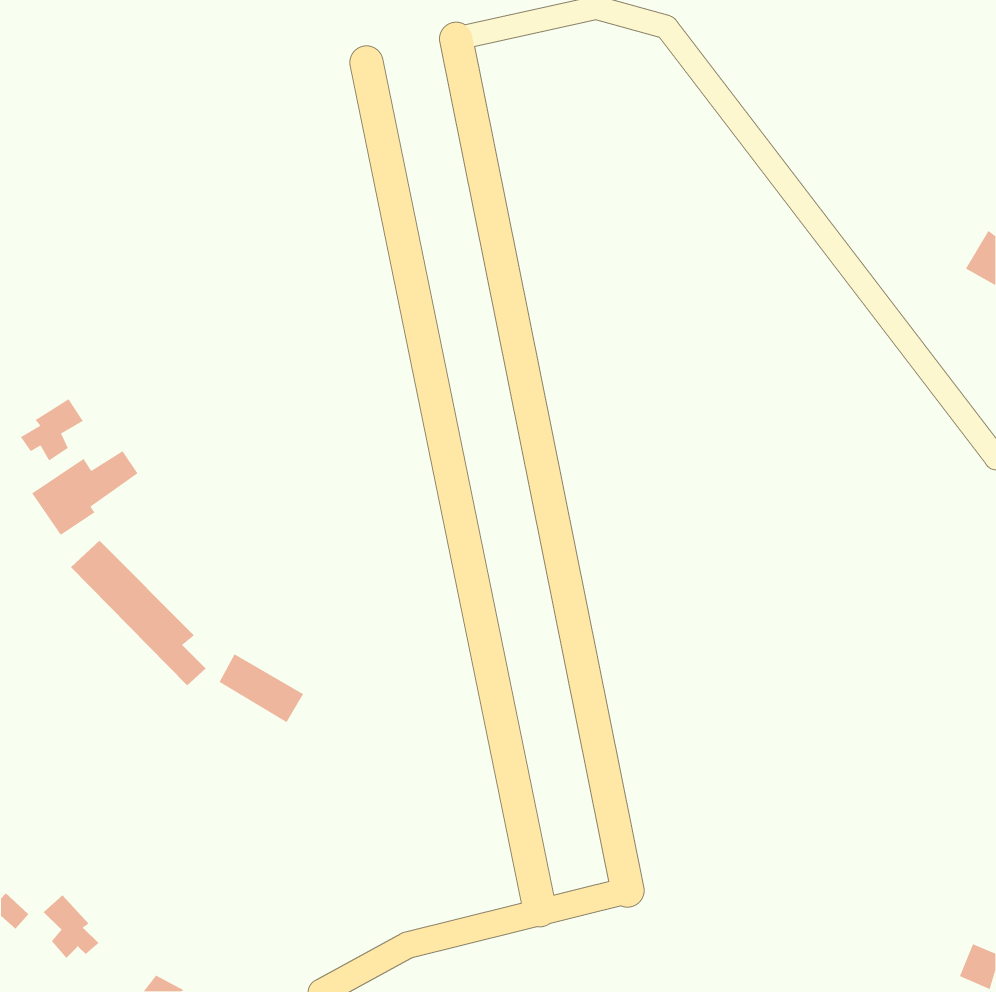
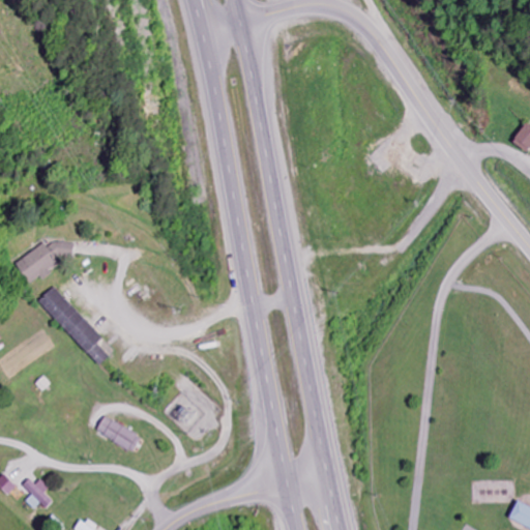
building: [20,398,84,461] -> none
building: [218,653,304,723] -> [96,415,142,452]

